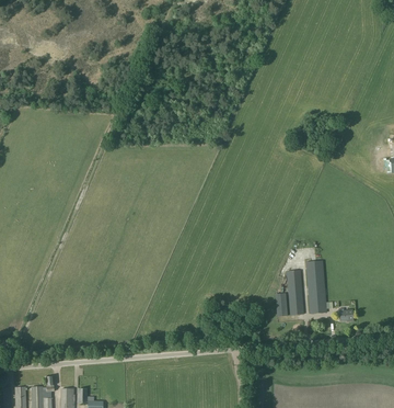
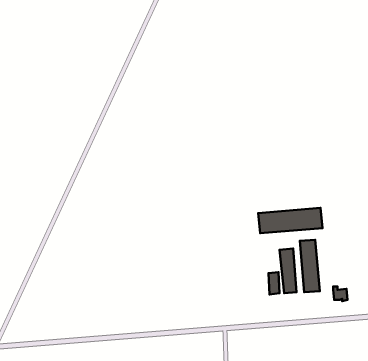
building: none -> [258,208,322,233]

